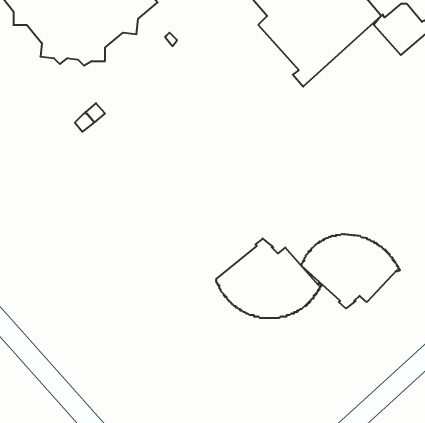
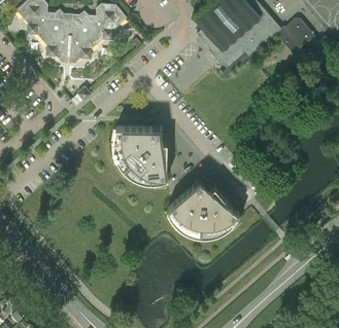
building: none -> [114,126,169,181]
building: [302,234,400,308] -> none

